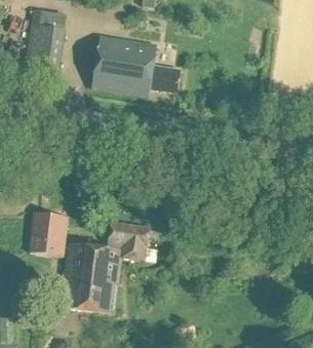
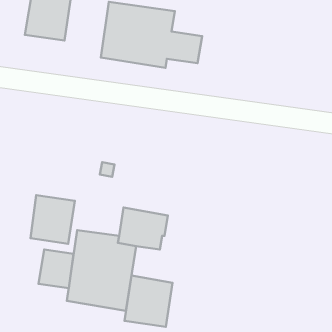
building: none -> [38,250,73,288]
building: none -> [124,276,173,327]

